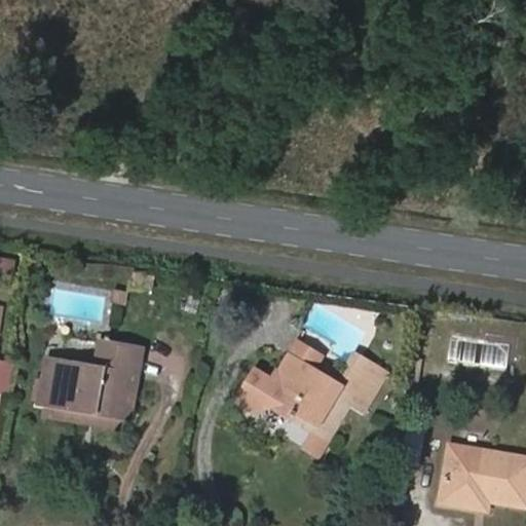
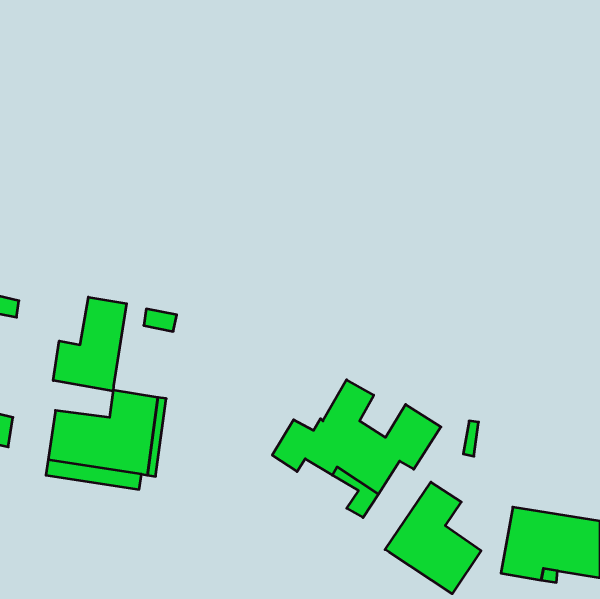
building: none -> [53,297,127,391]
building: none -> [385,482,481,594]

